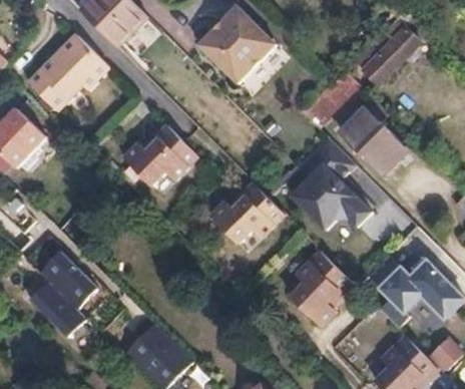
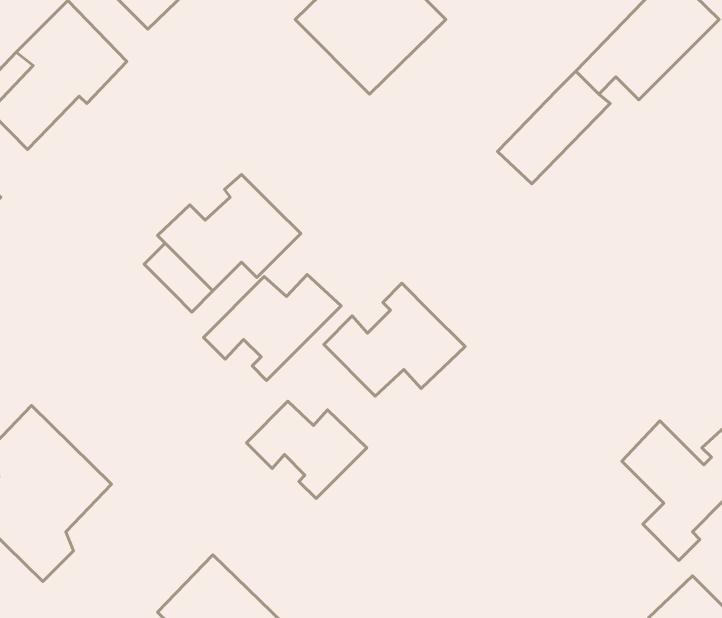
building: [342,103,408,177] -> none
building: [290,138,374,232] -> none
building: none -> [203,274,341,380]
building: none -> [246,401,367,499]
building: [292,250,352,326] -> none

